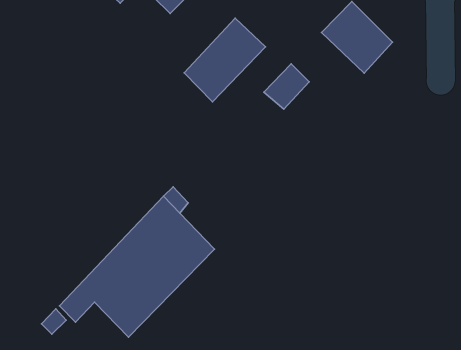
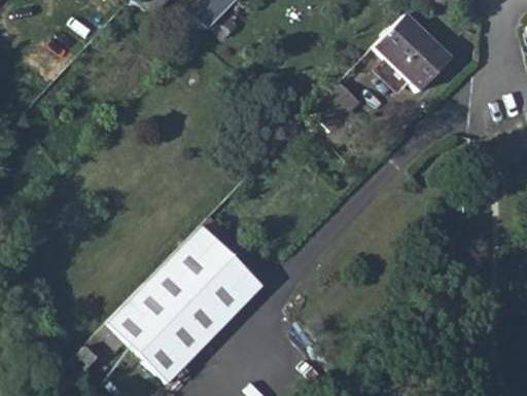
building: [184,18,266,102] -> none

